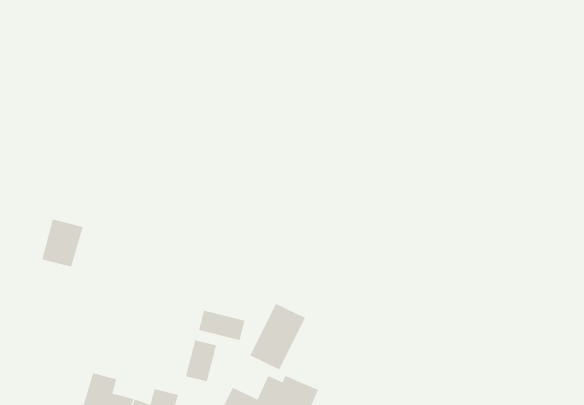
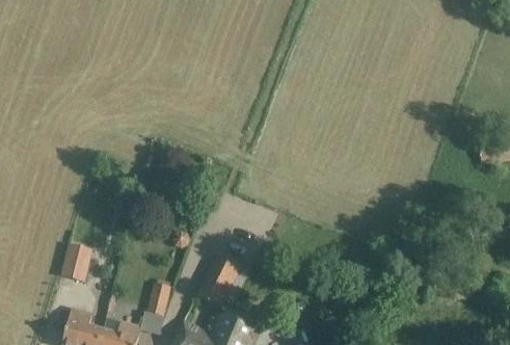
building: [42,219,84,267] -> [62,246,96,285]
building: [198,310,245,341] -> none

